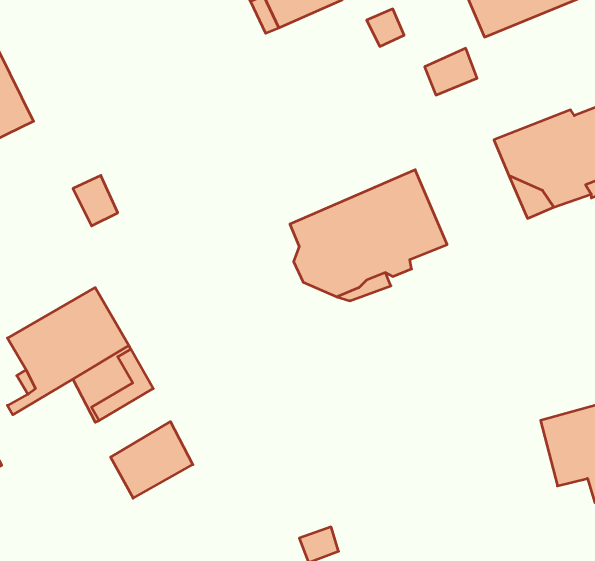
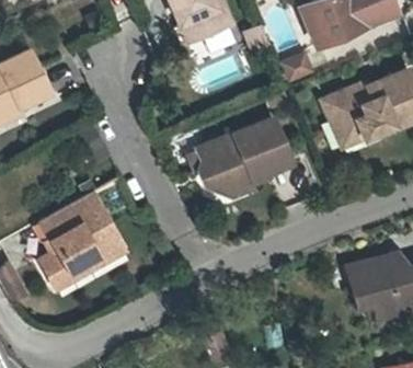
building: [111,422,193,498] -> [39,244,88,289]

